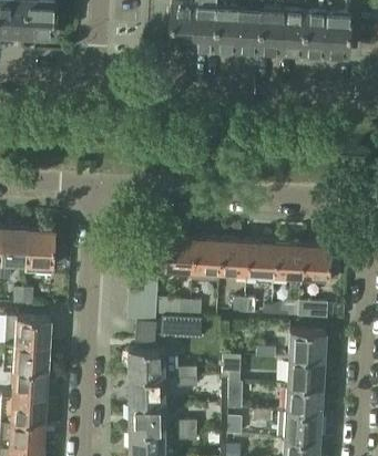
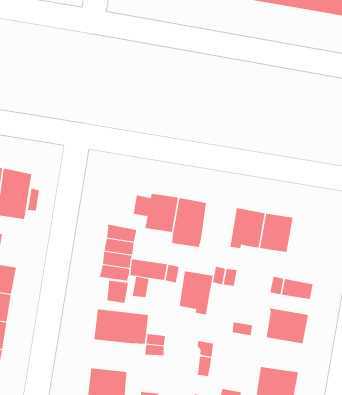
building: [218,240,247,279] -> [179,271,213,315]
building: [299,245,340,280] -> none
building: [286,359,324,387] -> none
building: [129,379,163,405] -> none

